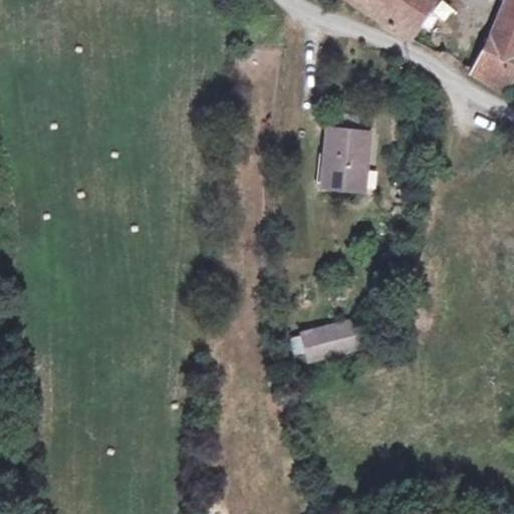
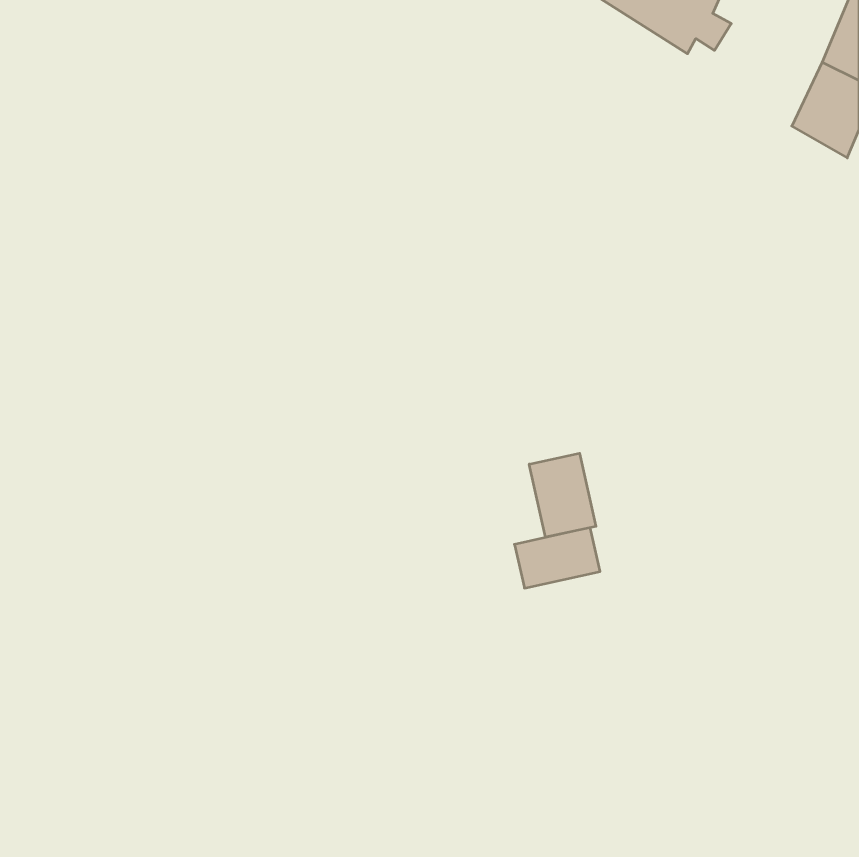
building: [322,131,369,191] -> none
building: none -> [529,453,596,537]

